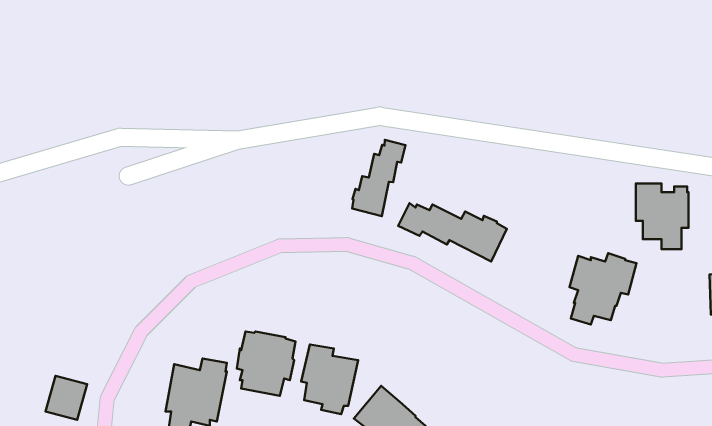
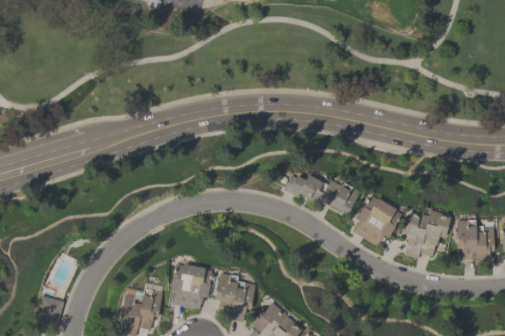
building: [352,140,406,216] -> none
building: [636,184,689,249] -> [457,219,494,265]
building: none -> [353,193,402,245]

